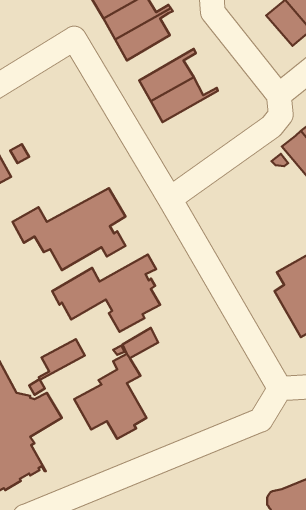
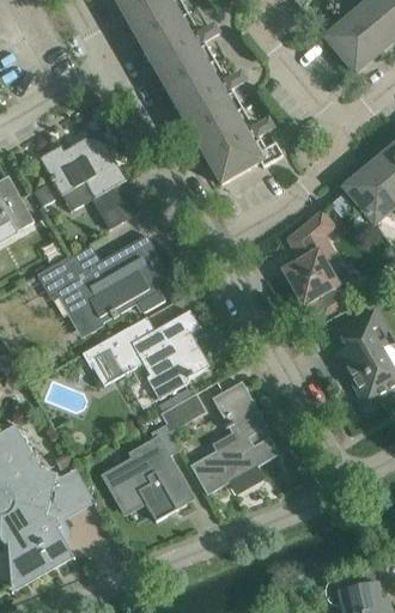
building: none -> [165,60,242,111]
building: none -> [206,123,281,184]
building: none -> [37,136,126,214]
building: none -> [281,211,346,315]
building: none -> [189,381,278,494]
building: [39,339,85,380] -> none

